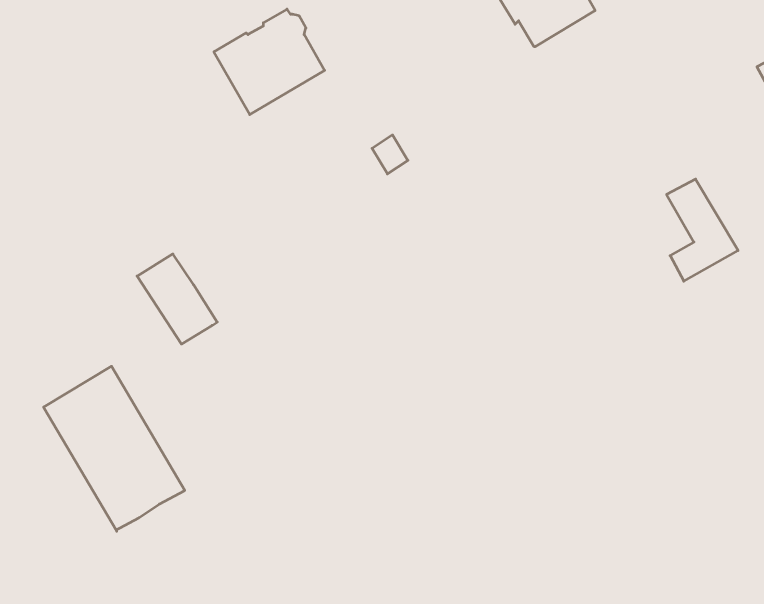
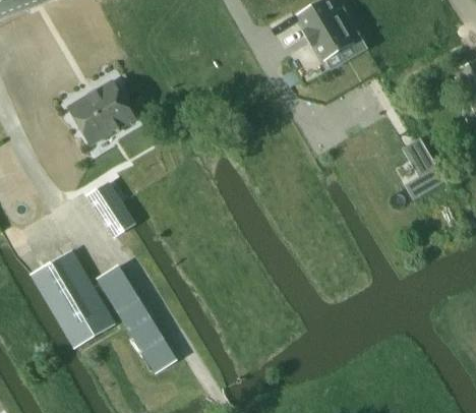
building: [214,9,325,115] -> [68,80,134,143]
building: none -> [97,266,176,372]

